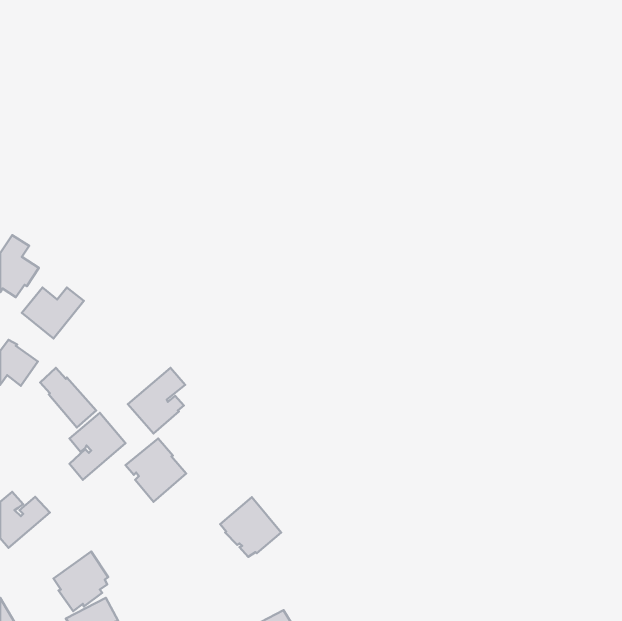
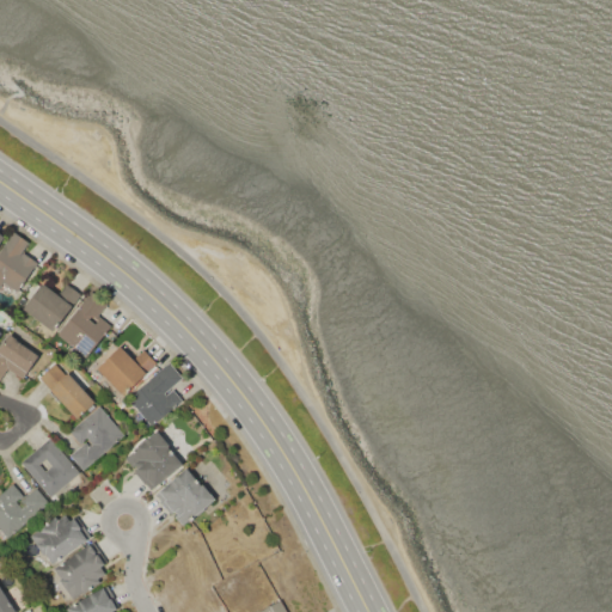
building: none -> [56,292,111,359]
building: none -> [96,345,155,398]
building: none -> [18,437,79,498]
building: [220,497,281,557] -> [154,469,214,527]
building: none -> [27,514,88,565]

